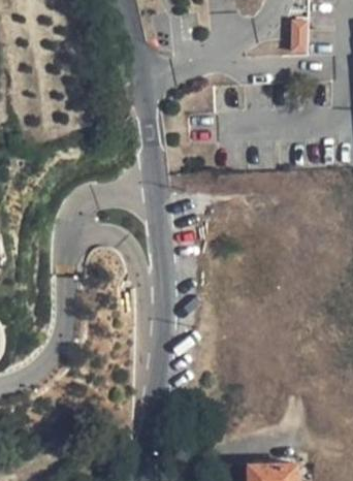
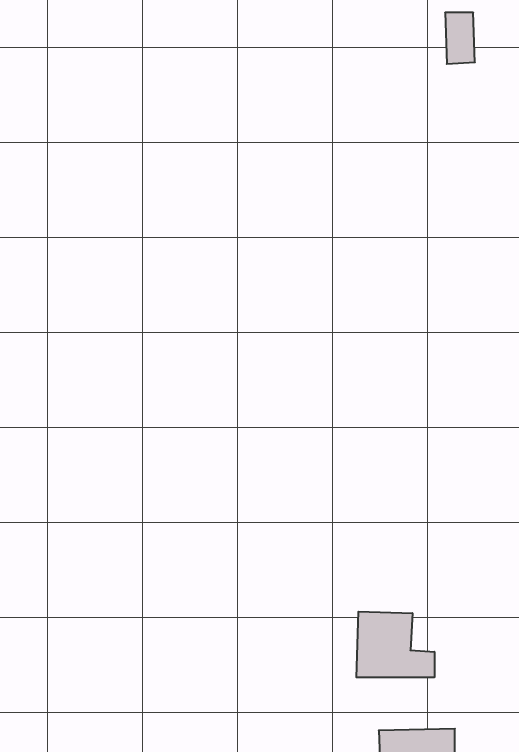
building: none -> [356,612,434,677]

